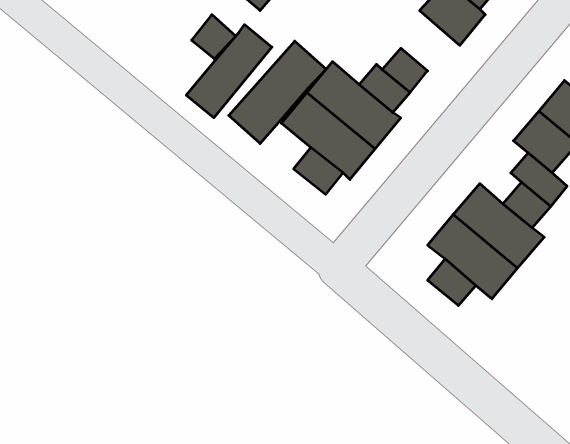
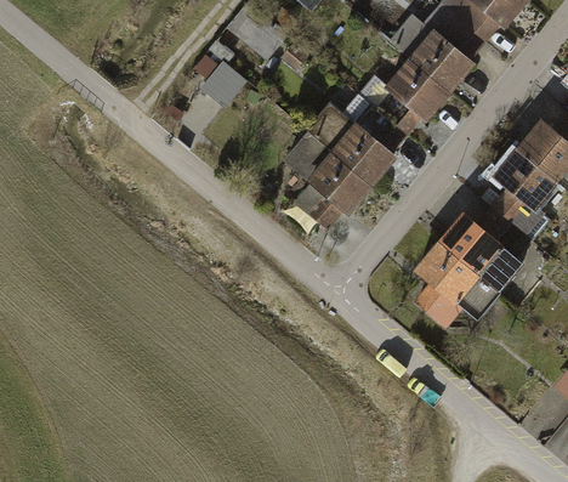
building: none -> [386,58,447,117]
building: [186,25,272,118] -> none
building: [229,41,326,144] -> none

